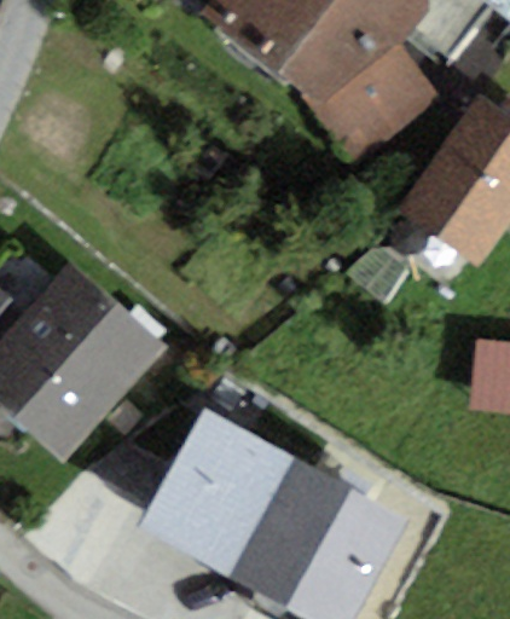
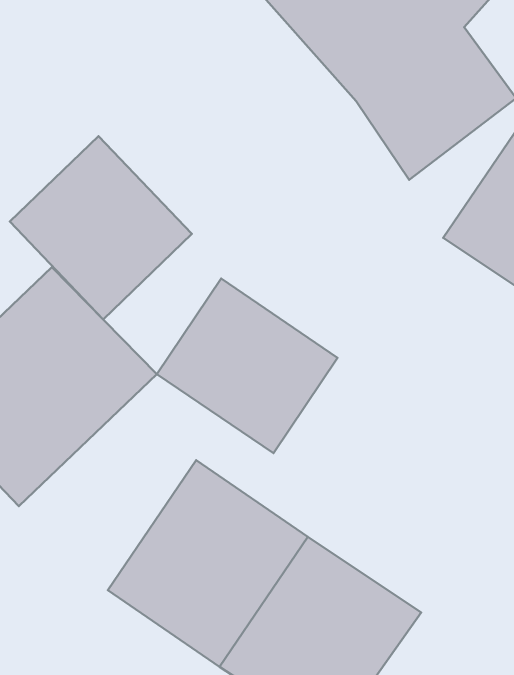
building: none -> [10,136,192,319]
building: none -> [157,279,338,453]

